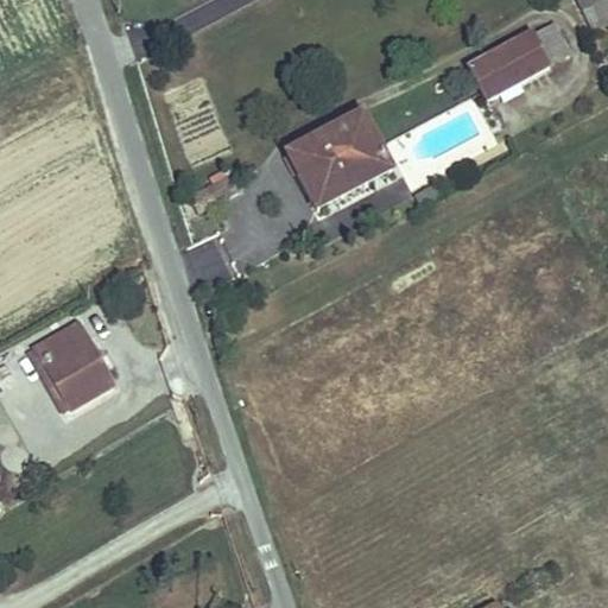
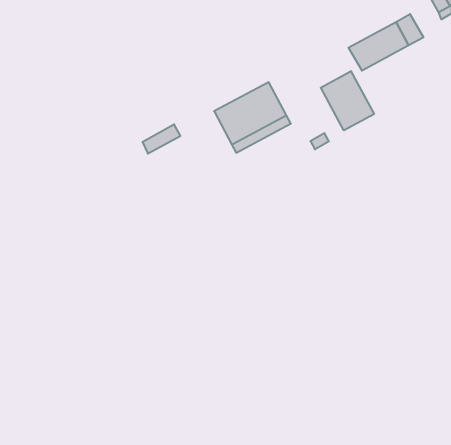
building: none -> [321,71,374,130]
building: [43,318,108,399] -> none

